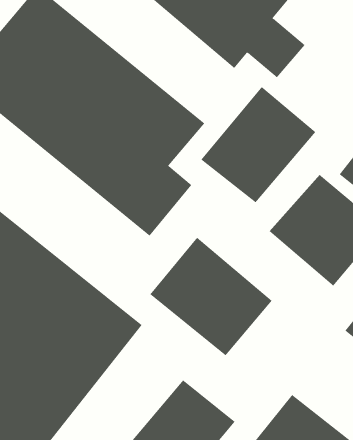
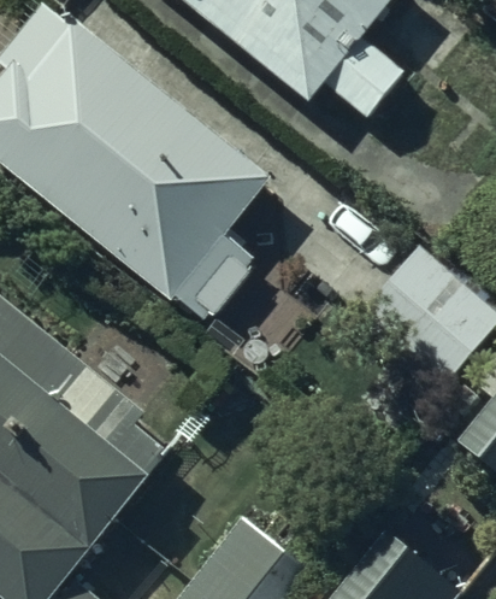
building: [200,86,316,203] -> none
building: [150,237,273,356] -> none

